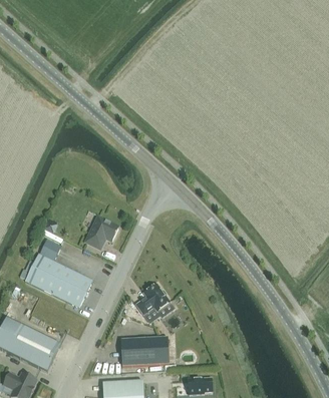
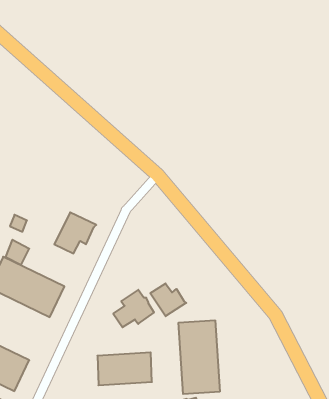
building: none -> [150,283,186,316]
building: none -> [179,320,220,394]

